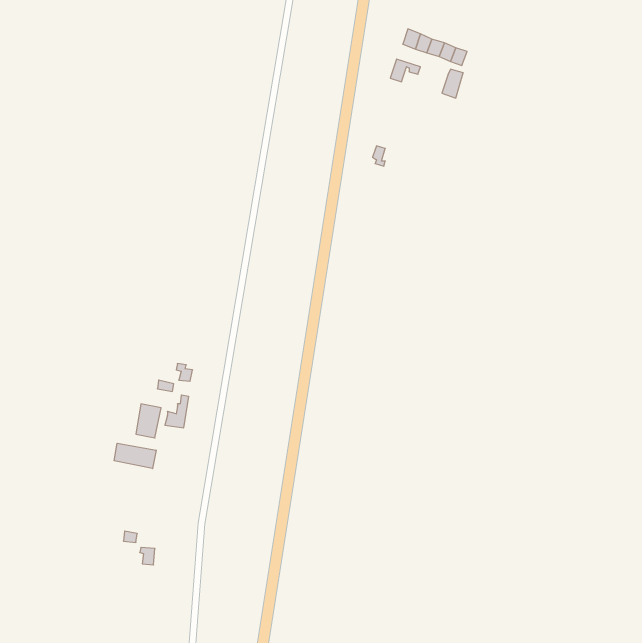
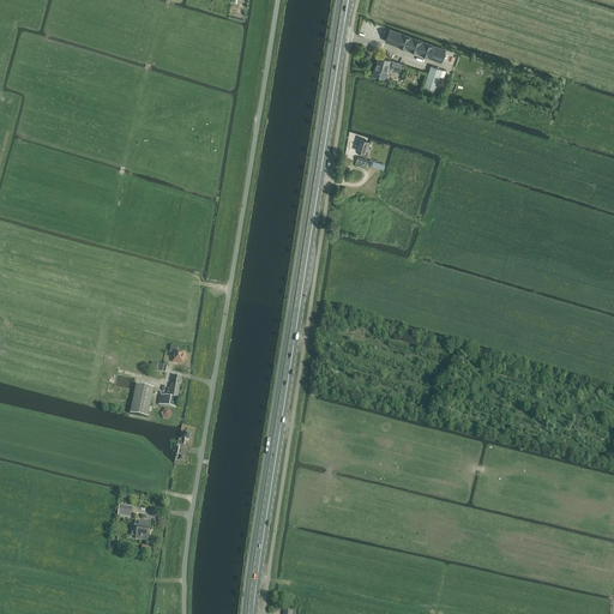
building: [114,443,156,469] -> none

